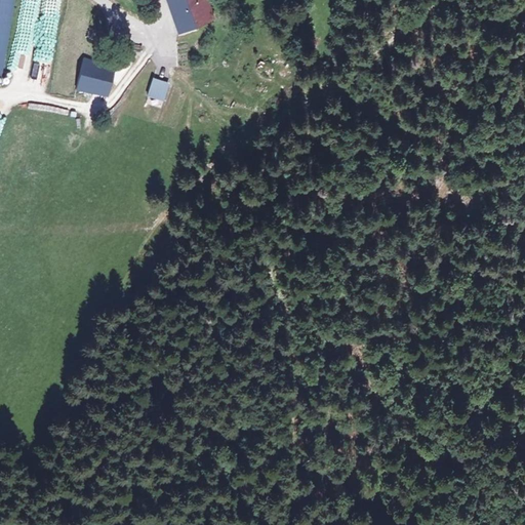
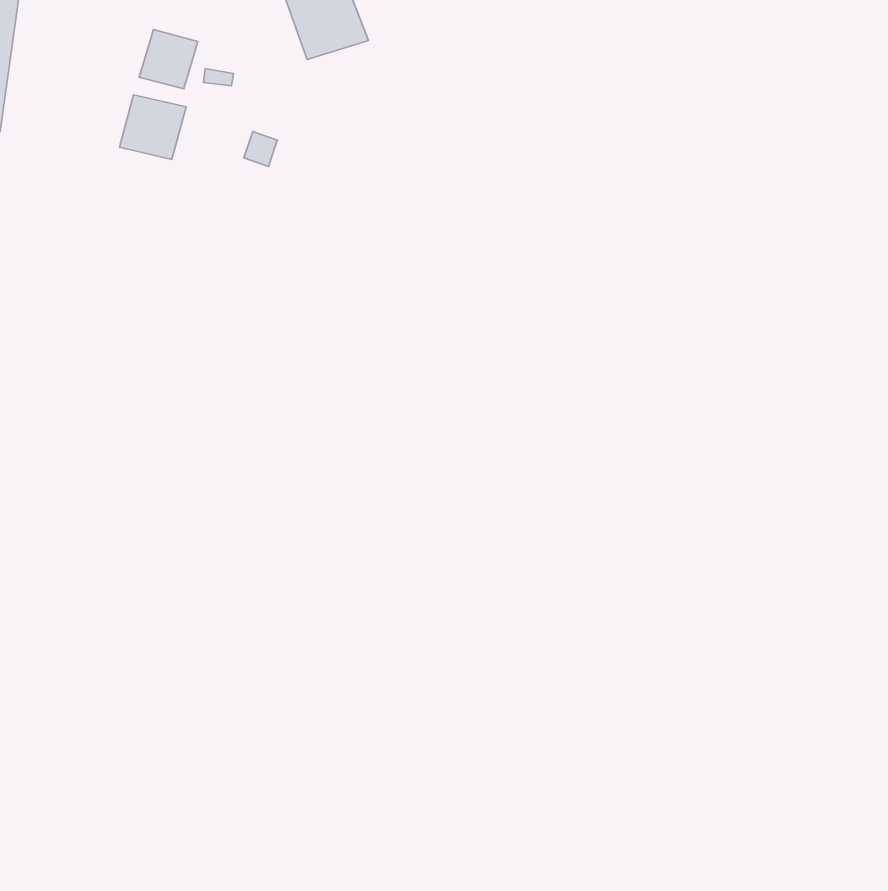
building: none -> [139,30,198,89]

